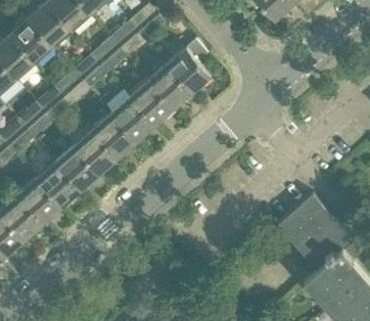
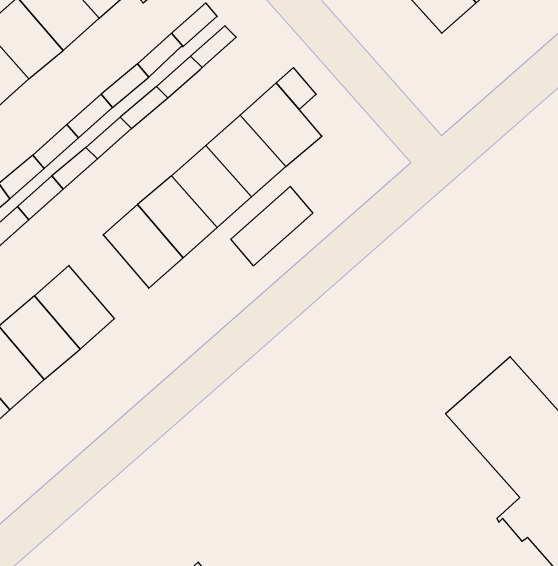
building: none -> [231,186,313,266]
building: [73,131,115,176] -> none

